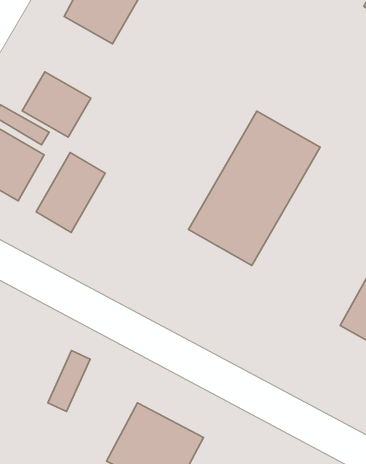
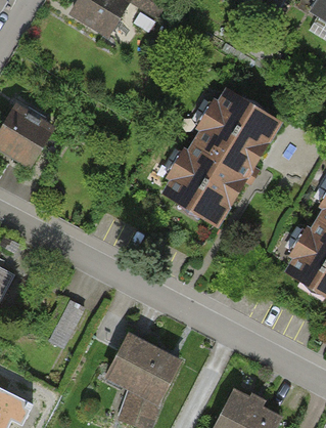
building: [22,72,91,137] -> none
building: [36,152,105,233] -> none

